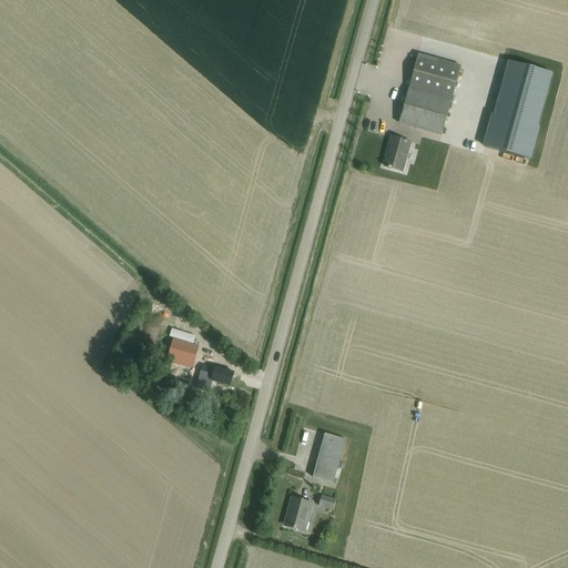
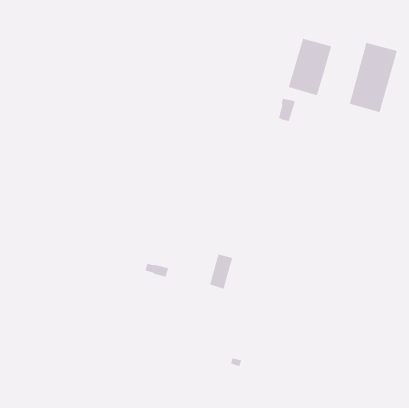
building: [169,337,200,366] -> none
building: [313,432,346,481] -> [209,254,233,290]
building: [287,496,312,529] -> none

